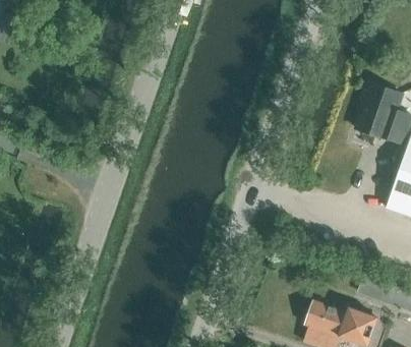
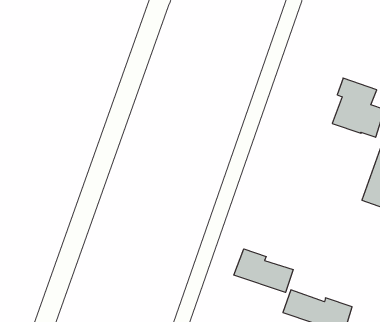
building: none -> [234,249,293,292]

